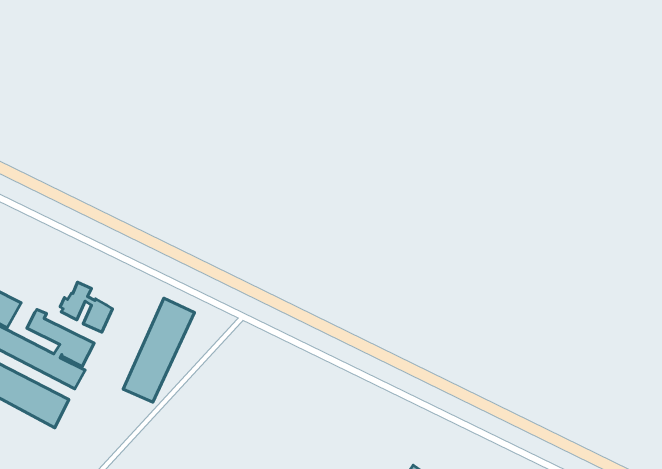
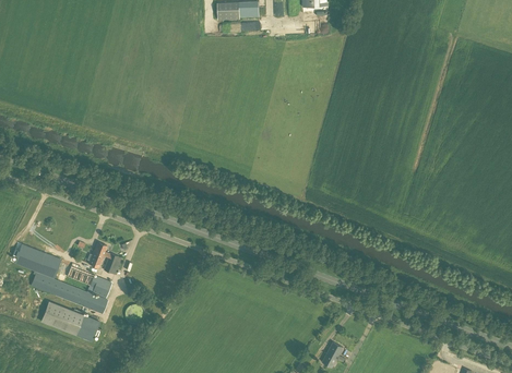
building: [123,298,195,402] -> none

